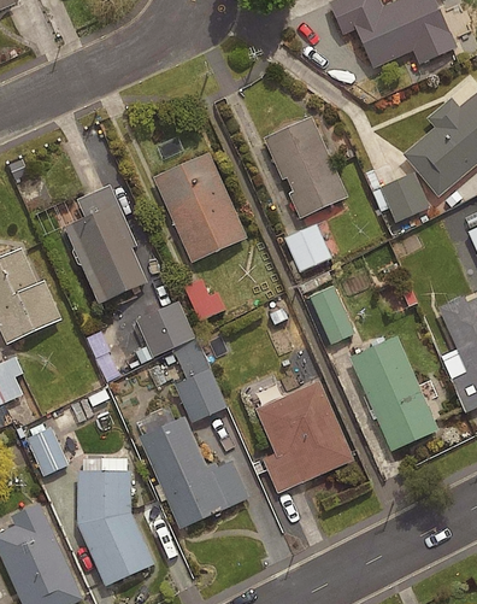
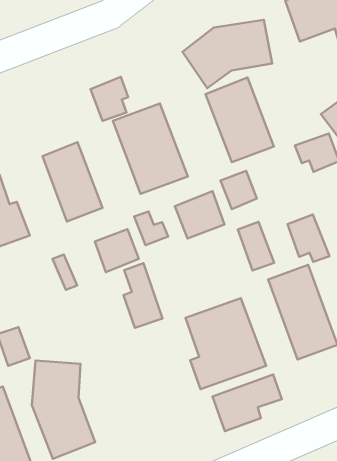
building: none -> [182,20,272,88]
building: none -> [90,77,128,121]
building: none -> [175,191,224,239]
building: none -> [288,215,329,262]
building: [137,417,248,528] -> none
building: none -> [212,375,282,431]

